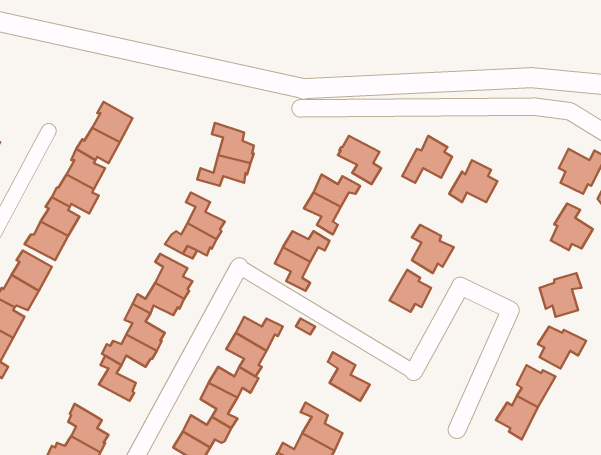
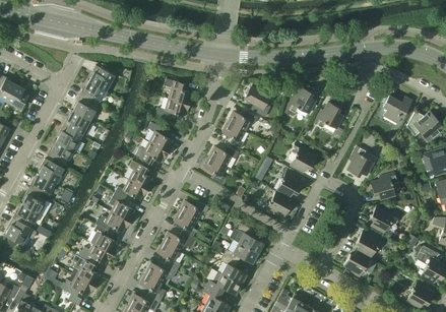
building: [551,203,593,250] -> [347,146,374,176]
building: none -> [266,190,291,216]
building: none -> [224,242,258,263]
building: none -> [78,243,113,263]

